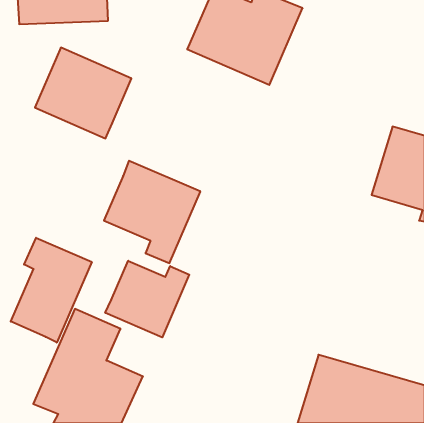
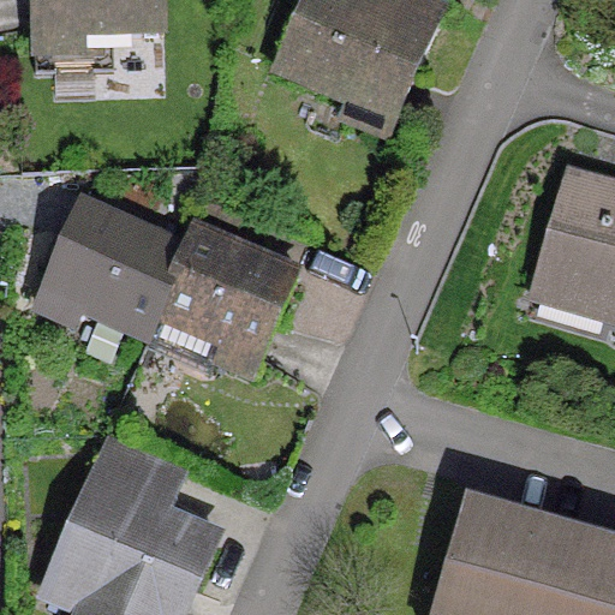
building: [35,48,131,138] -> [40,209,179,340]
building: [11,238,92,343] -> none
building: [105,261,189,337] -> none

